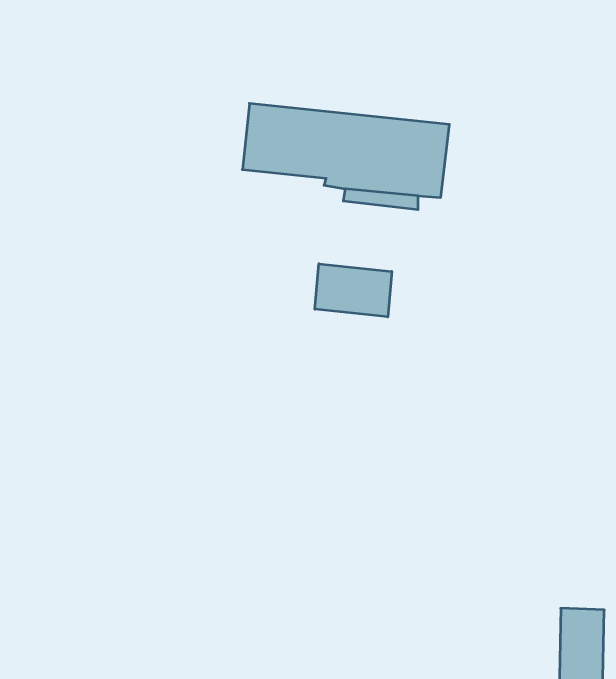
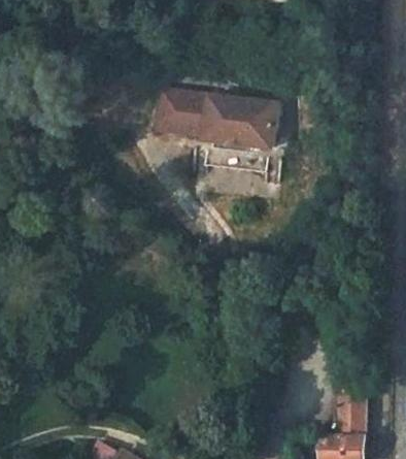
building: [315,264,392,317] -> none

